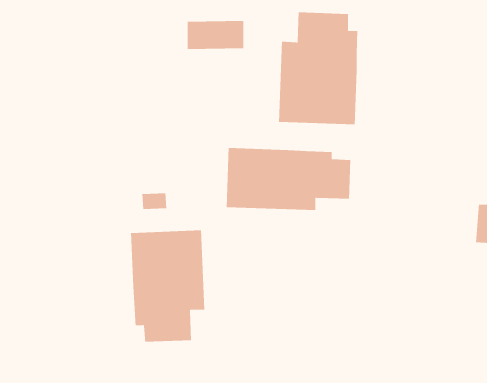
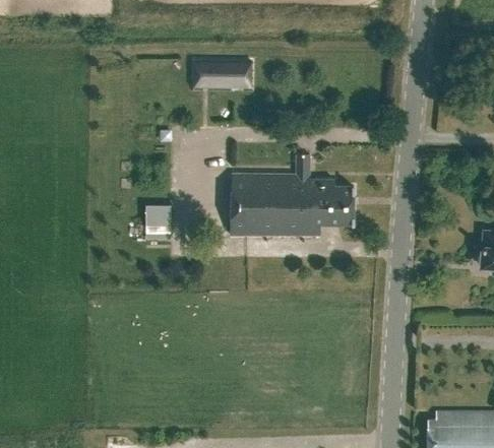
building: [278,11,358,125] -> none
building: [130,229,205,342] -> none

